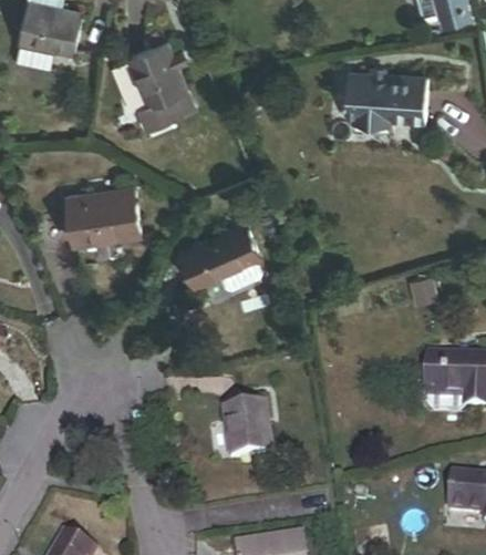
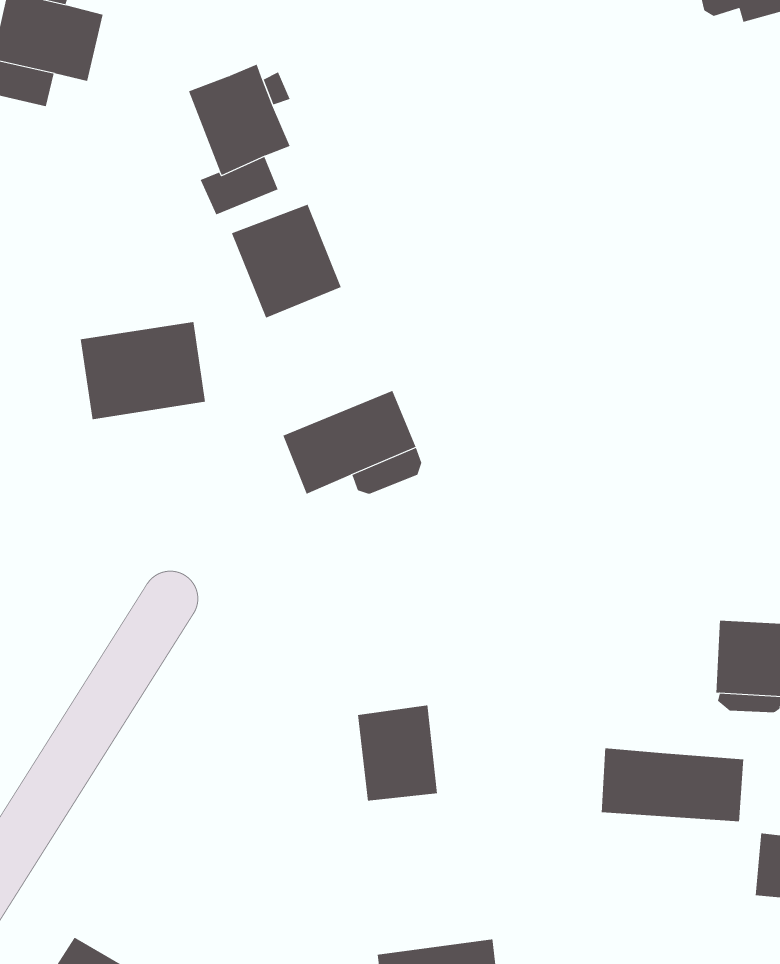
building: [344,72,425,124] -> none
building: none -> [231,204,342,318]
building: none -> [601,747,744,822]

